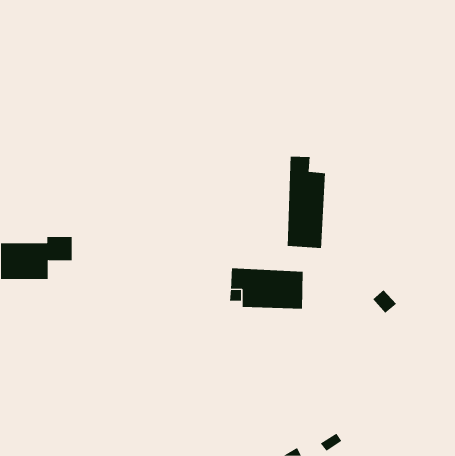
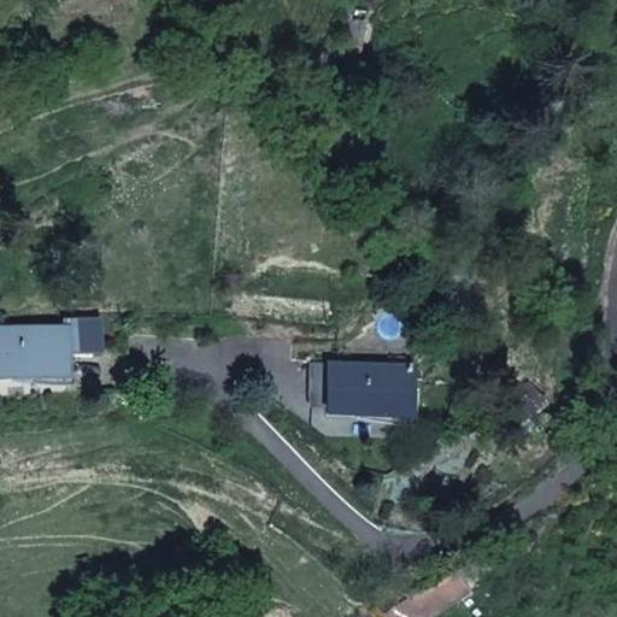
building: [287,156,325,249] -> none

